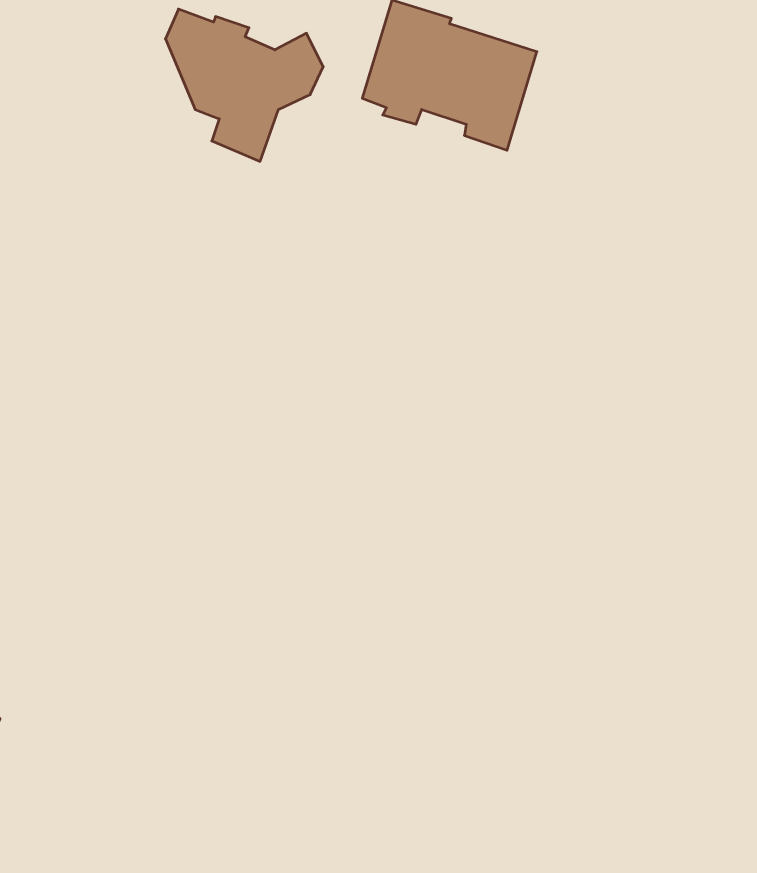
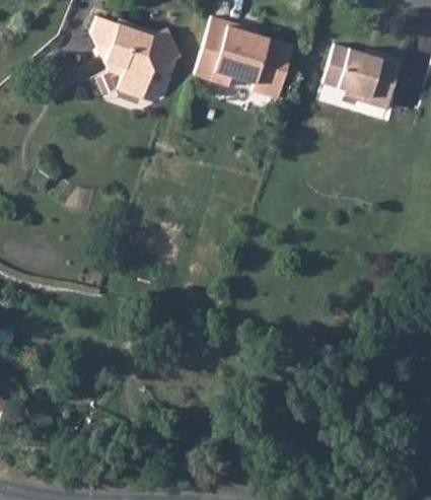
building: none -> [324,45,402,110]

